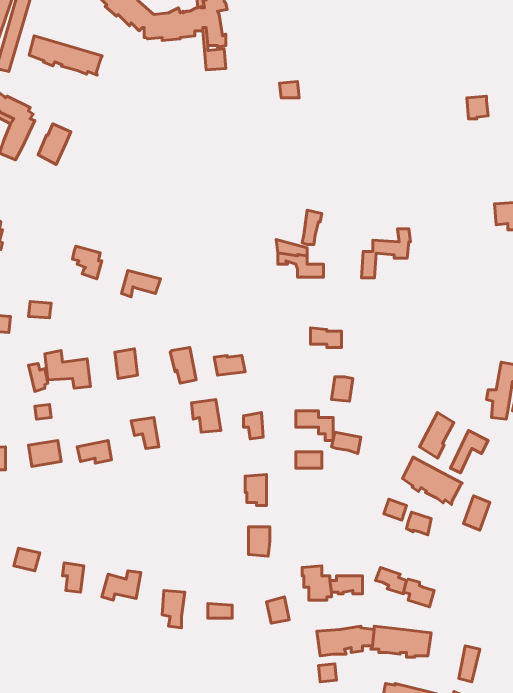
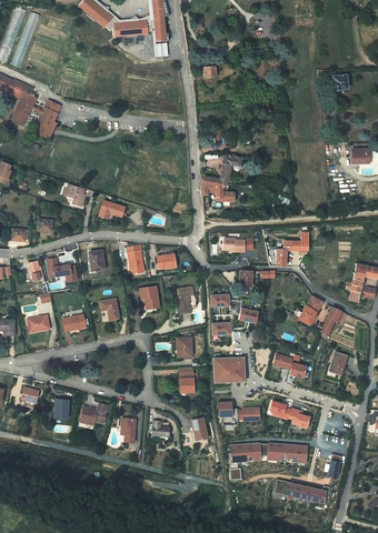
building: [29,36,102,75] -> none
building: [362,229,410,278] -> [277,232,310,265]
building: [403,457,462,504] -> none
building: none -> [216,356,246,382]

